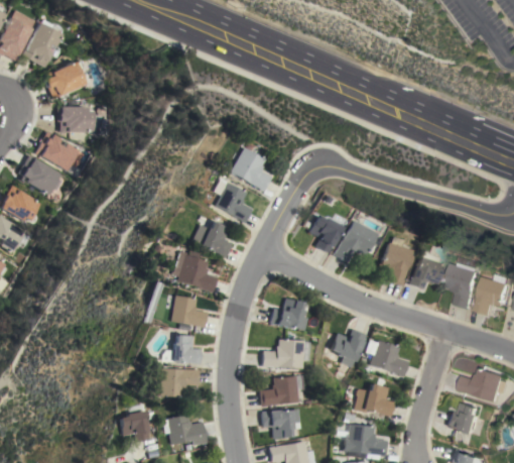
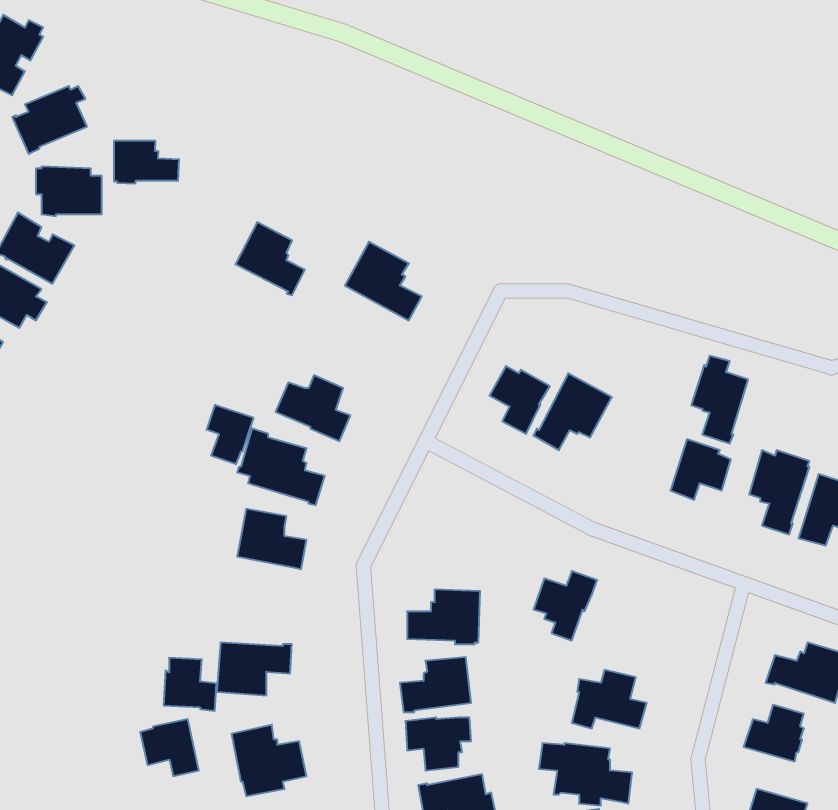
building: none -> [114,141,179,184]
building: [214,183,252,223] -> [235,222,305,295]
building: [380,237,411,285] -> [691,356,748,444]
building: none -> [207,405,253,464]
building: [270,298,307,330] -> none
building: [172,335,202,364] -> [164,658,217,711]
building: [366,340,409,376] -> none

